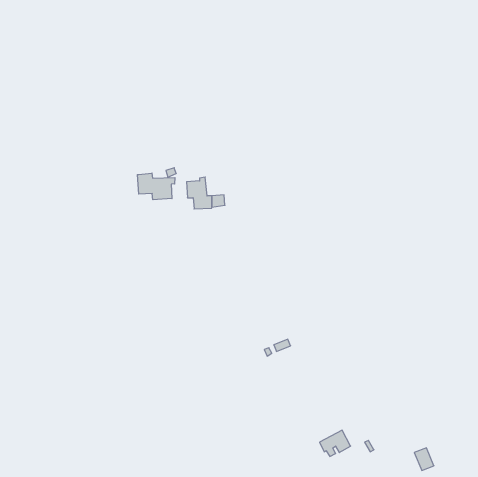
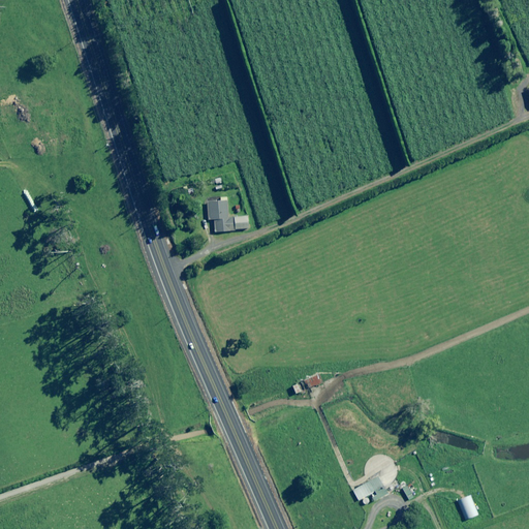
building: [137,173,175,200] -> none

